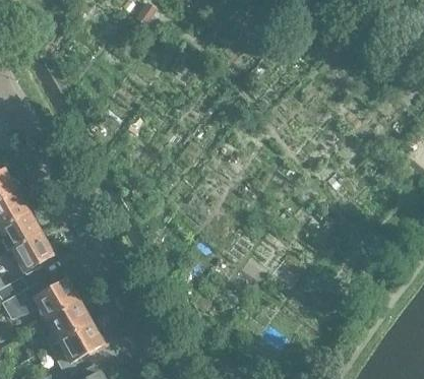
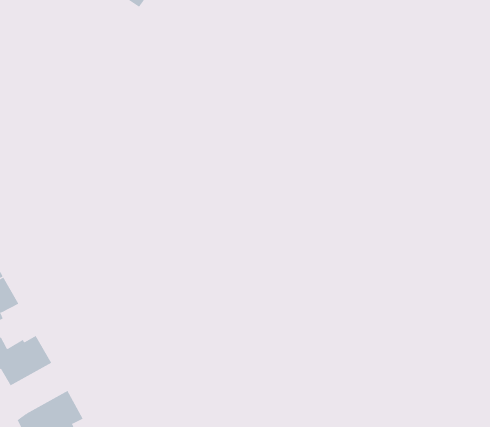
building: [46,300,90,344] -> none

